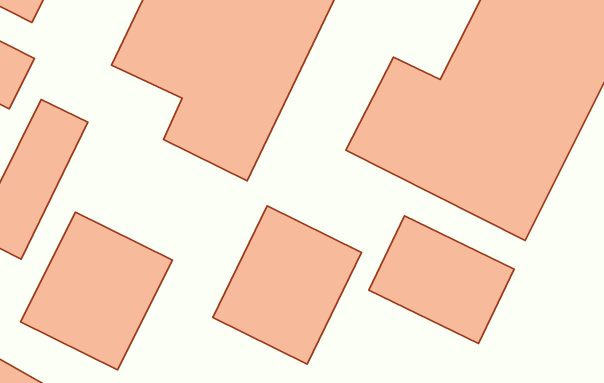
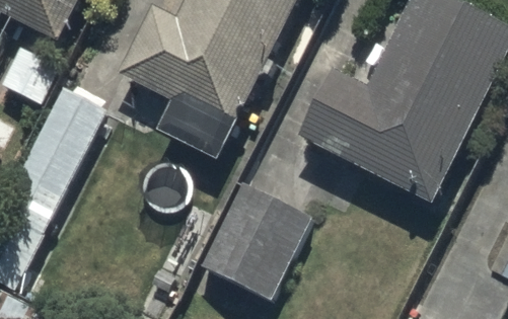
building: [21,212,172,370] -> none
building: [369,216,514,344] -> none

